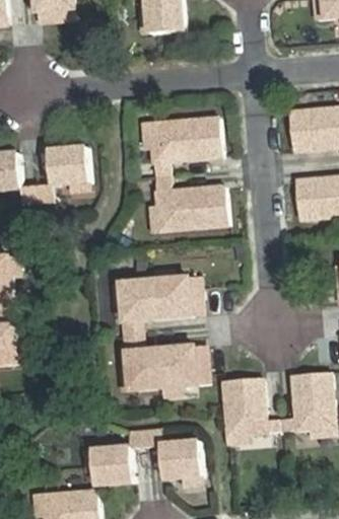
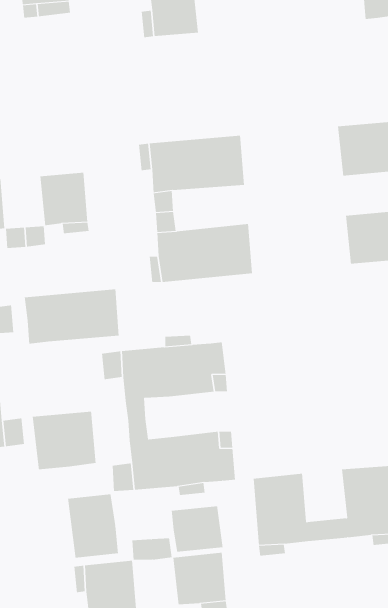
building: none -> [24,288,119,344]
building: none -> [32,411,96,470]
building: none -> [67,494,119,558]
building: none -> [171,505,223,553]

